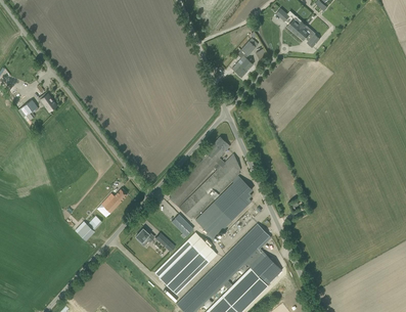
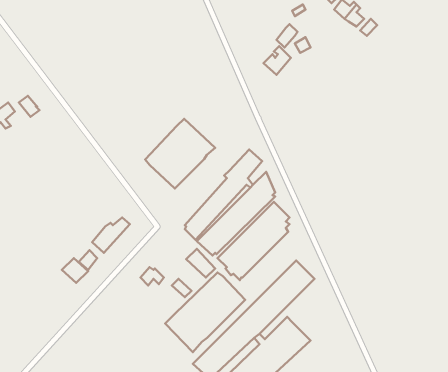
building: none -> [145,119,215,189]
building: [245,249,281,284] -> none

